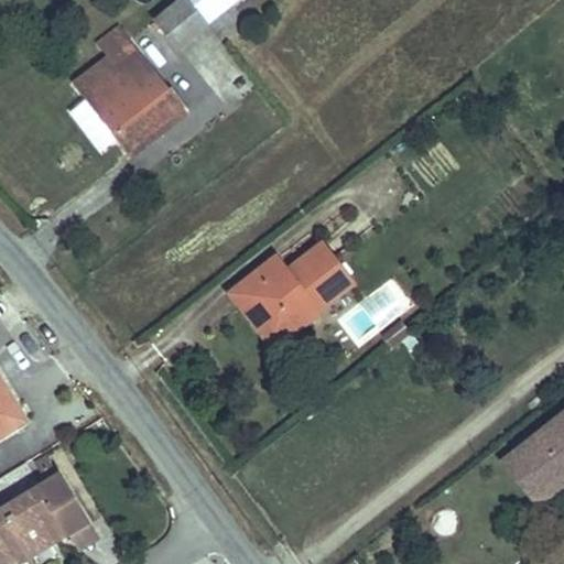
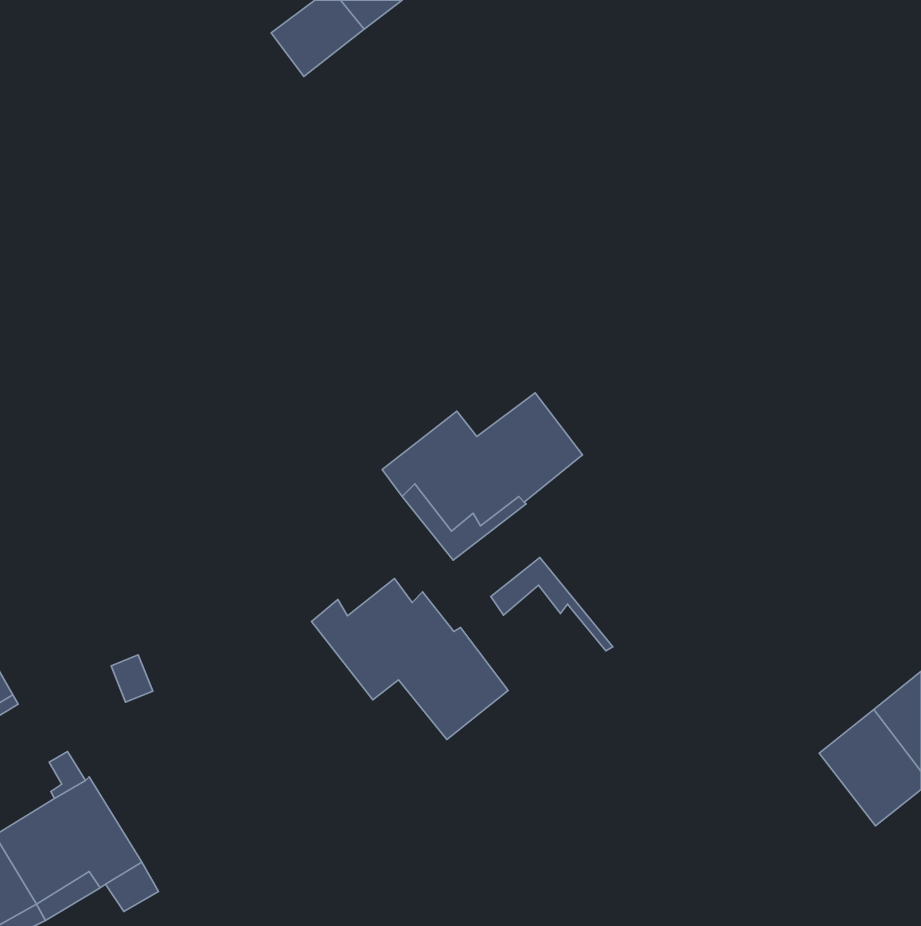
building: [82,44,193,156] -> none
building: none -> [491,557,613,651]
building: none -> [311,579,508,739]

